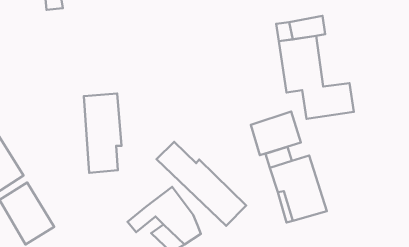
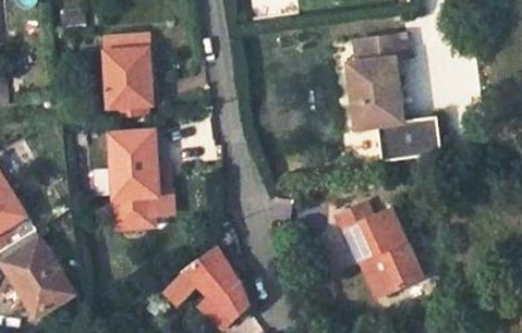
building: none -> [101,34,148,120]
building: [251,112,301,155] -> none
building: [156,142,246,226] -> none

